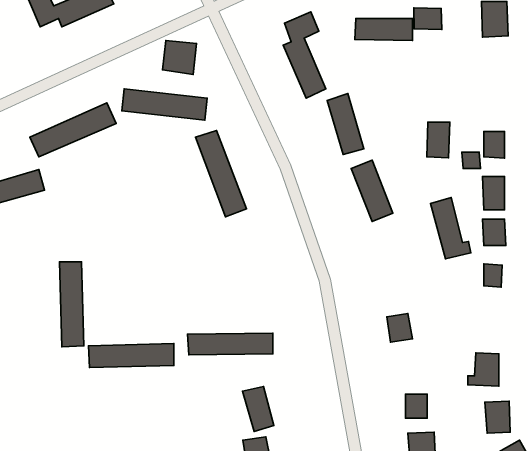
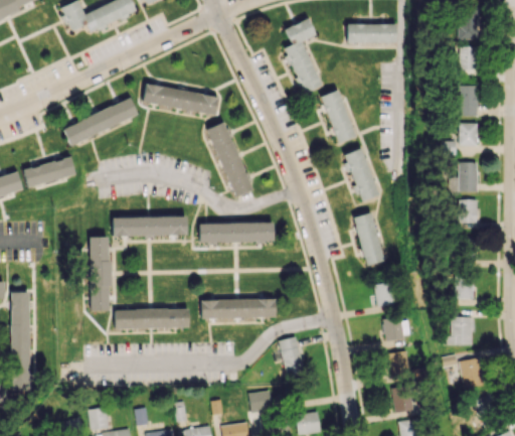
building: [414,8,442,29] -> none
building: [162,40,197,74] -> none
building: none -> [459,46,477,70]
building: [427,122,450,158] -> [458,86,478,117]
building: [430,198,471,259] -> [353,212,388,266]
building: none -> [113,216,186,237]
building: none -> [199,222,273,243]
building: none -> [454,276,473,299]
building: none -> [382,316,406,341]
building: [243,386,274,431] -> [278,336,305,376]

